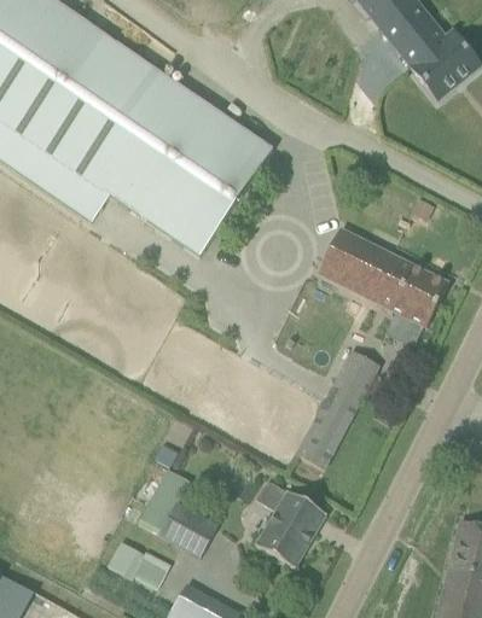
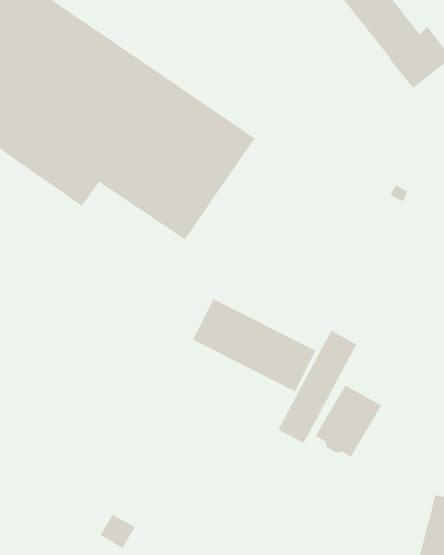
building: [319,227,448,325] -> [192,298,316,392]
building: [139,467,219,556] -> none
building: [256,490,326,566] -> [315,385,382,458]

